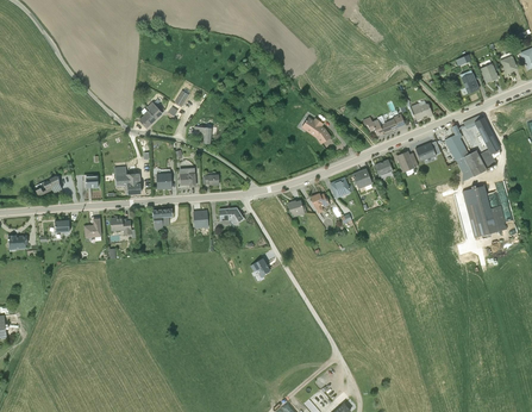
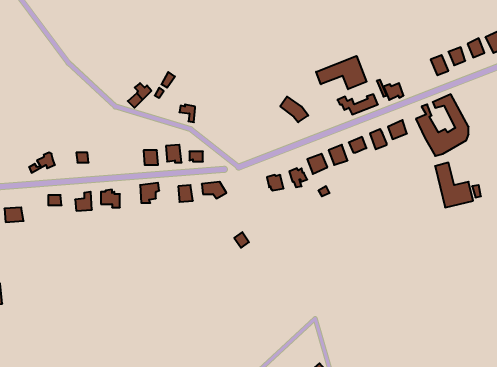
building: none -> [316,56,367,89]
building: [114,166,142,195] -> none

